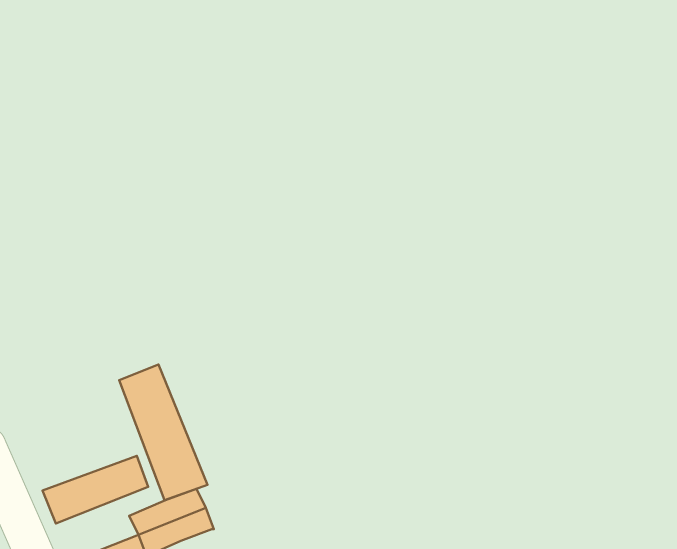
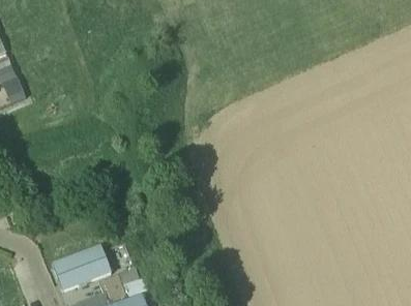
building: [119,364,207,500] -> none

